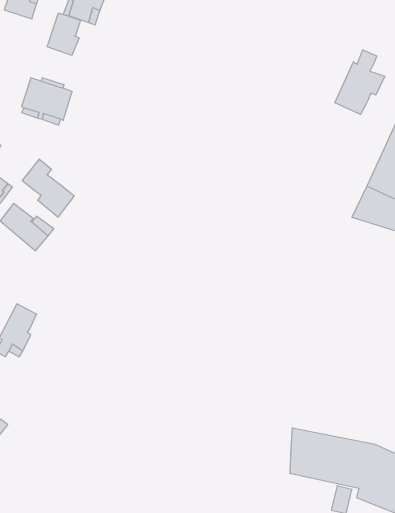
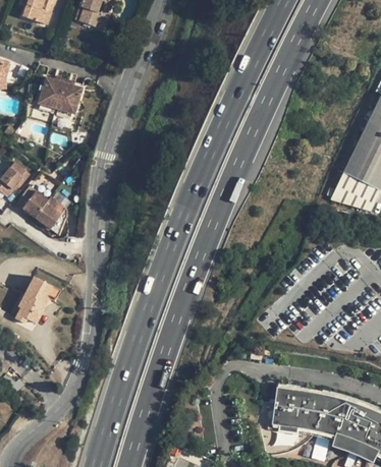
building: [47,13,80,55] -> none
building: [335,50,385,115] -> none
building: [22,159,74,217] -> none

